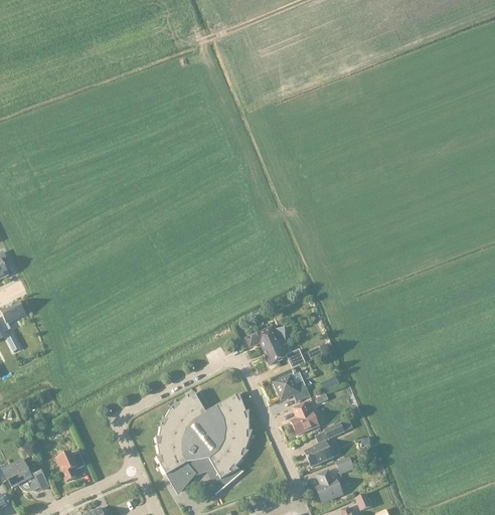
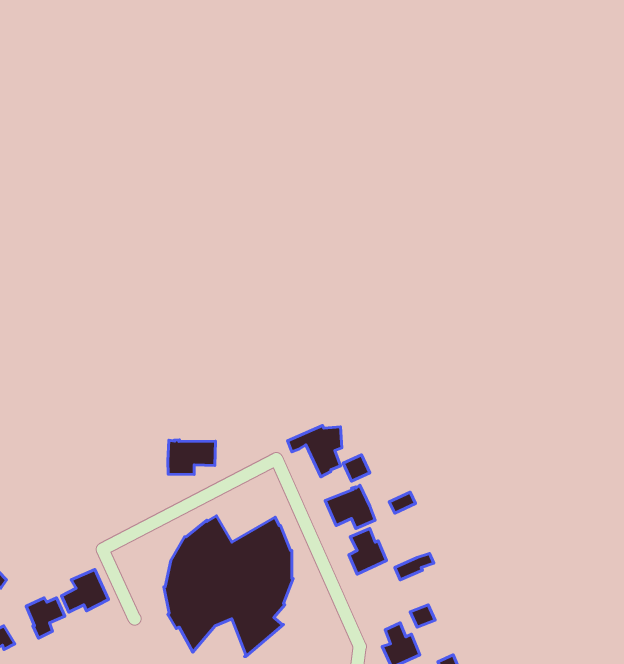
building: none -> [168,440,216,474]
building: none -> [61,570,109,612]
building: [304,441,338,467] -> none

